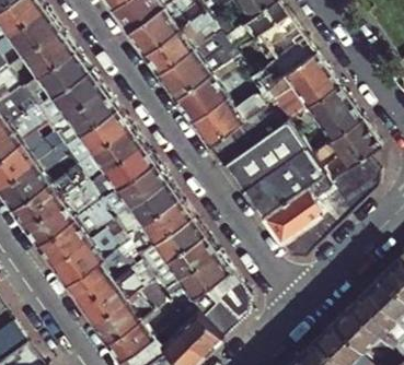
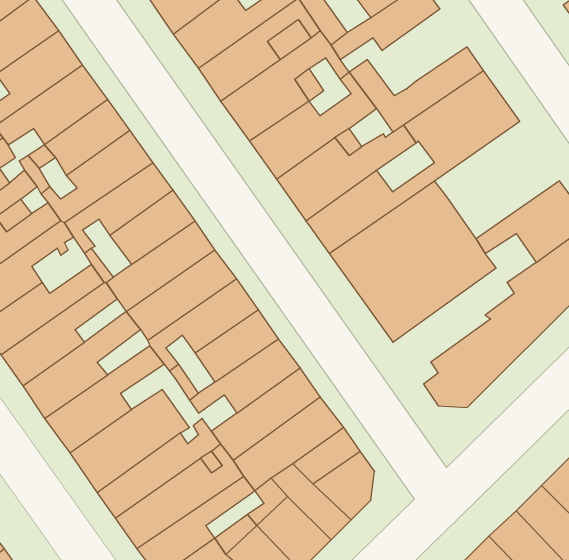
building: [257,16,304,60] -> none
building: [285,84,360,142] -> none
building: [259,173,333,243] -> none

